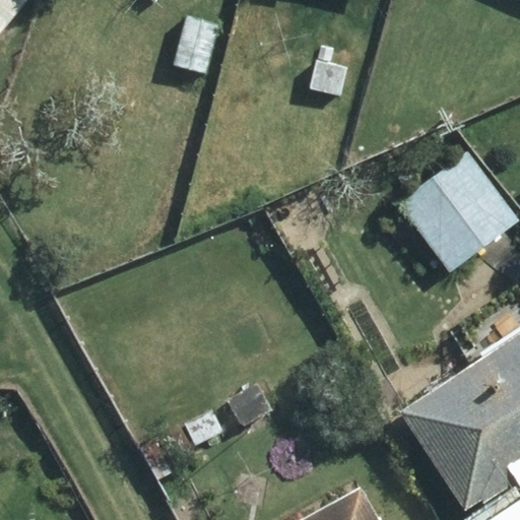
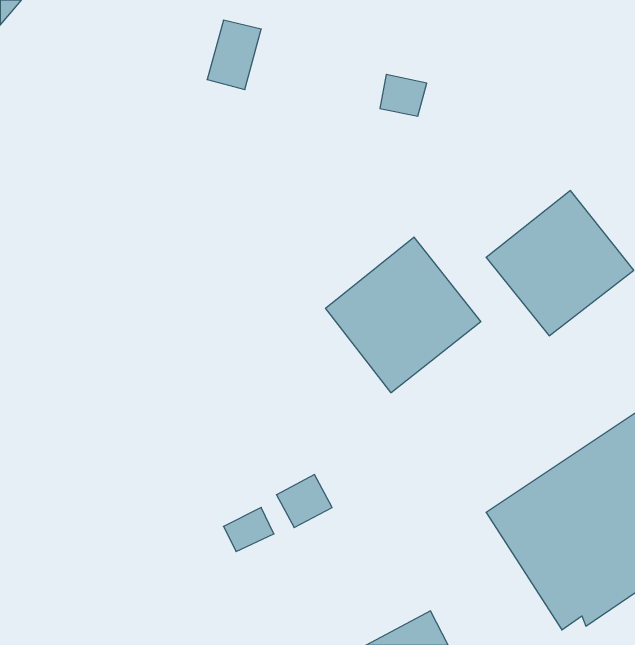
building: none -> [326,237,481,393]

